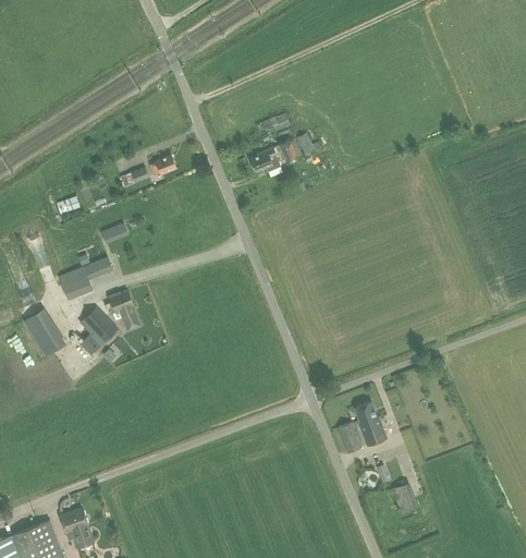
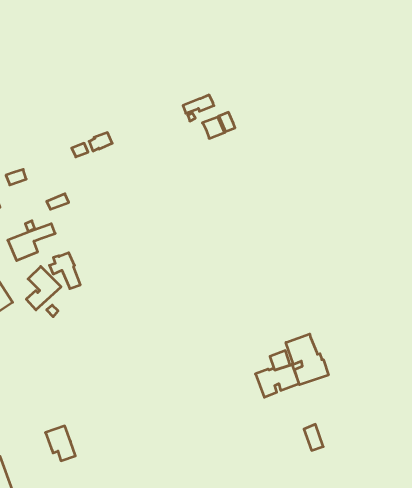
building: [250,145,280,170] -> none
building: none -> [286,334,328,385]
building: [60,507,94,546] -> [45,426,75,461]

